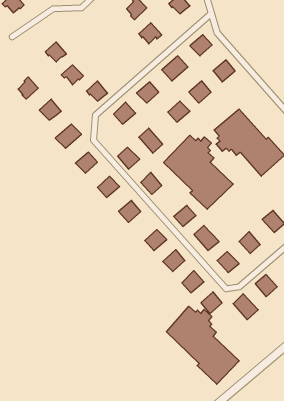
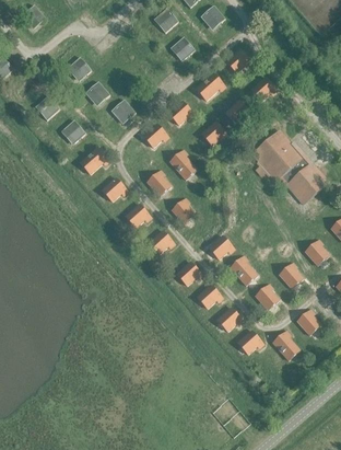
building: [164,135,233,209] -> none
building: [166,306,239,384] -> none

